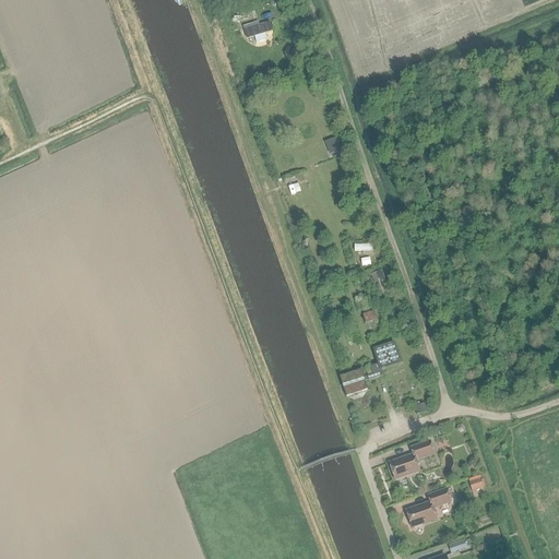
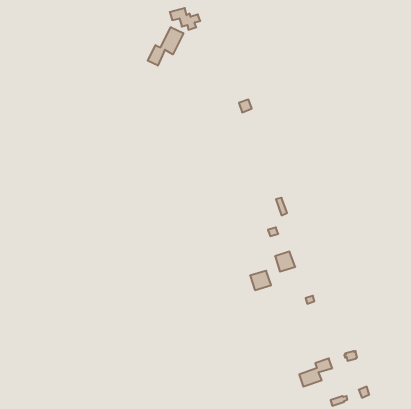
building: none -> [148,27,183,66]
building: [389,439,433,477] -> none

